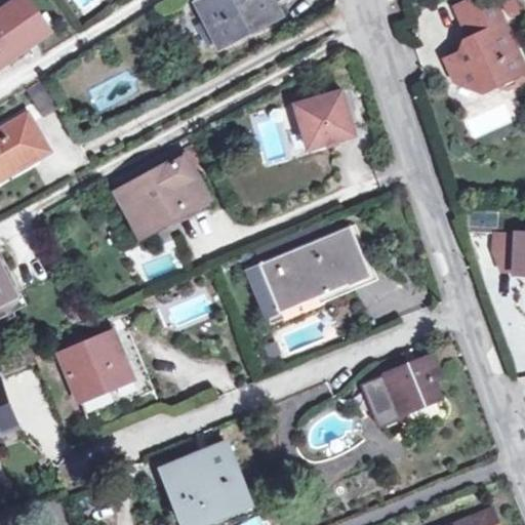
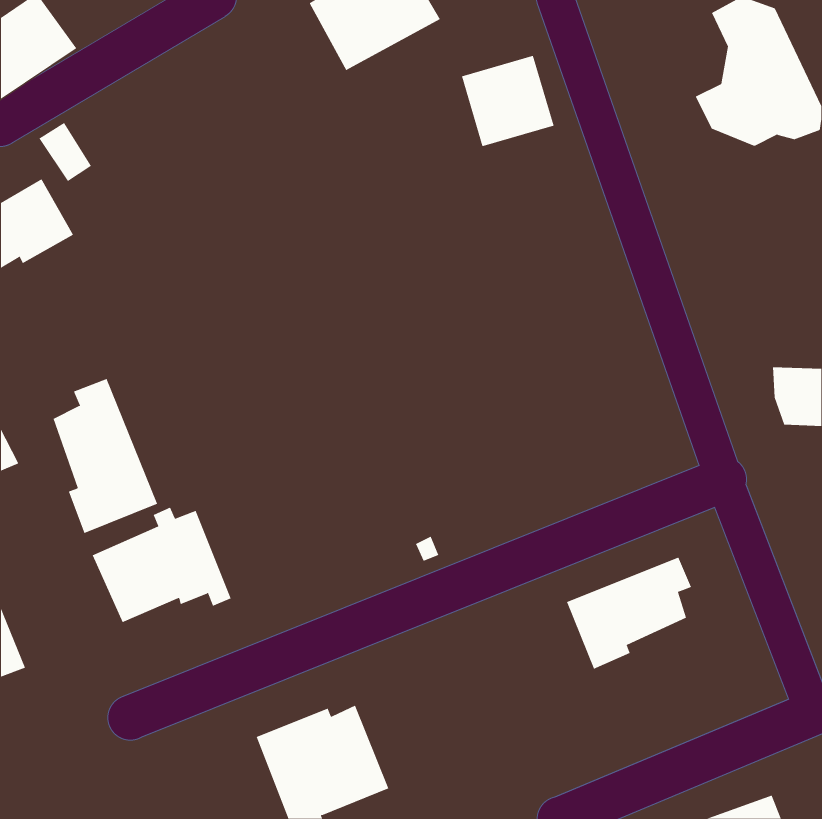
building: [295,90,355,149] -> [461,55,554,147]
building: [119,159,204,233] -> none
building: [245,227,371,319] -> none
building: none -> [53,378,158,534]

